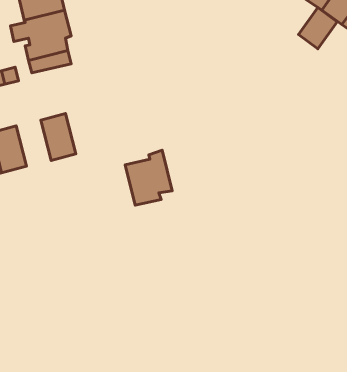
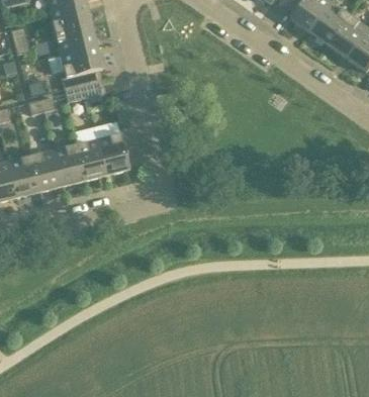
building: [298,7,337,49] -> none
building: none -> [53,143,84,185]
building: [125,150,172,205] -> [97,124,140,174]

